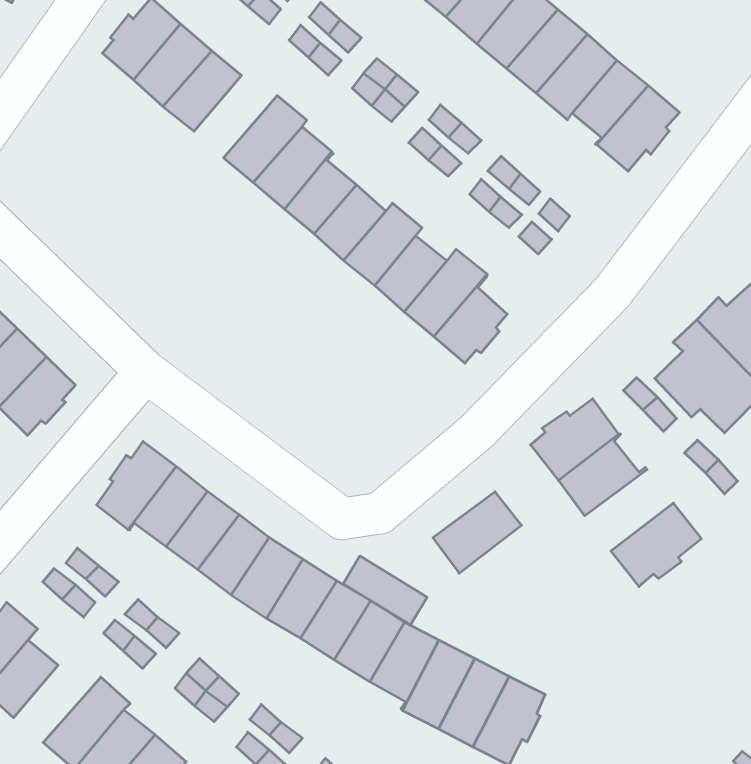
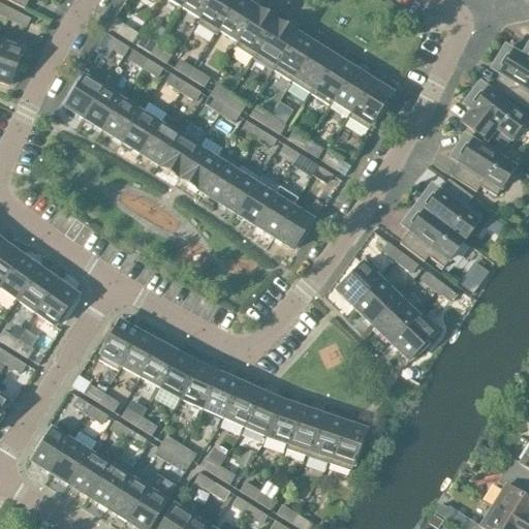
building: none -> [123,106,161,154]
building: [433,492,522,573] -> [373,293,422,342]
building: [343,556,427,625] -> none
building: none -> [70,452,111,496]

